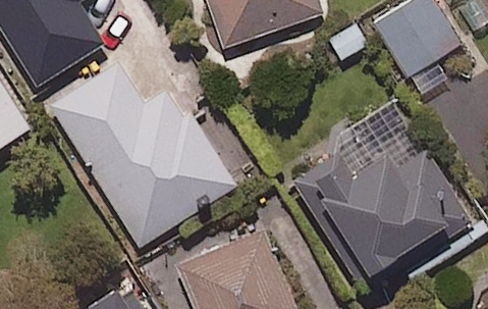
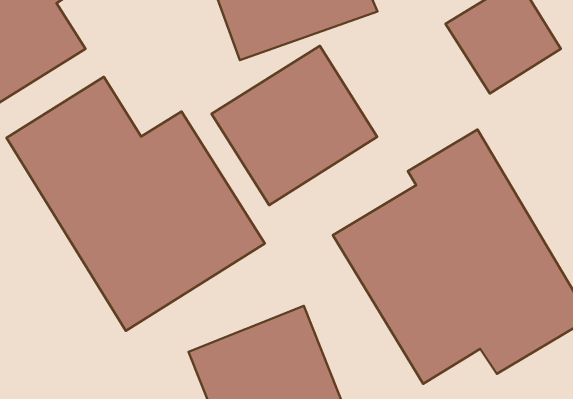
building: none -> [212,46,377,205]

